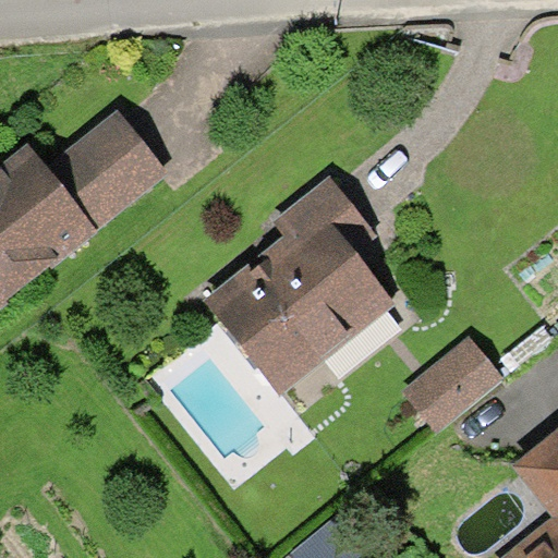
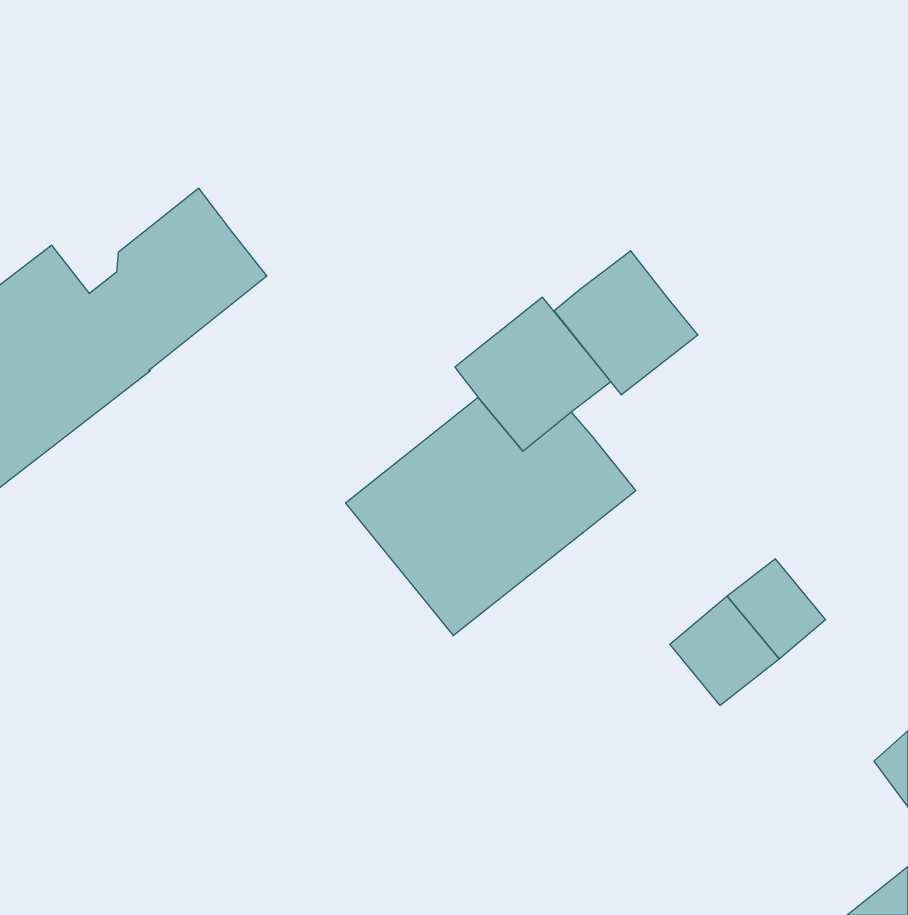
building: none -> [554,251,698,395]

